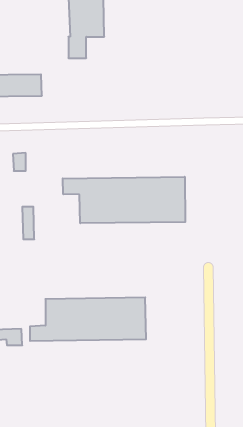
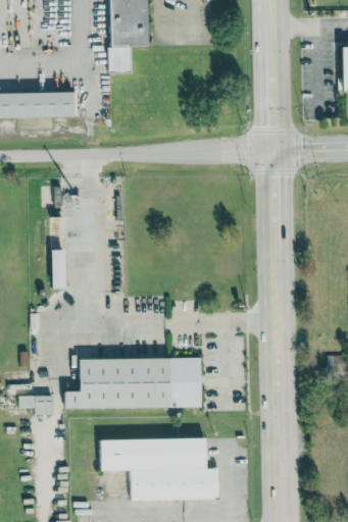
building: [63,177,185,223] -> none
building: none -> [91,436,214,501]

